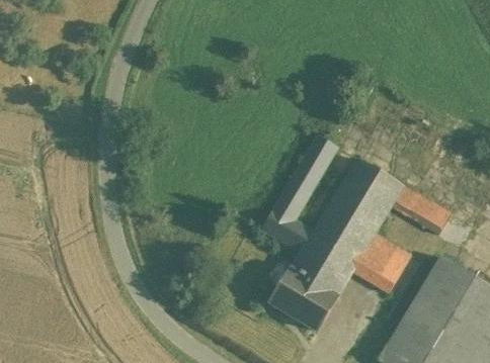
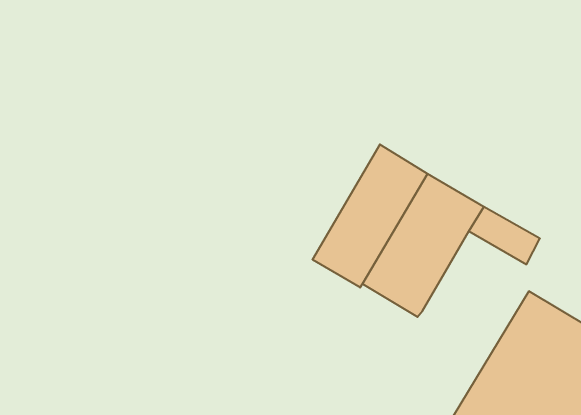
building: [351,235,410,294] -> none
building: [269,251,349,331] -> none

